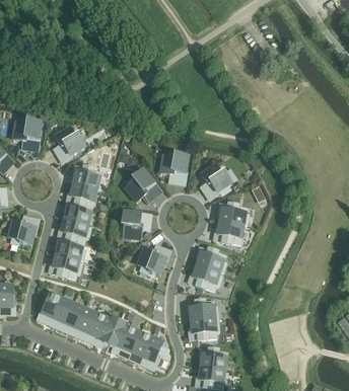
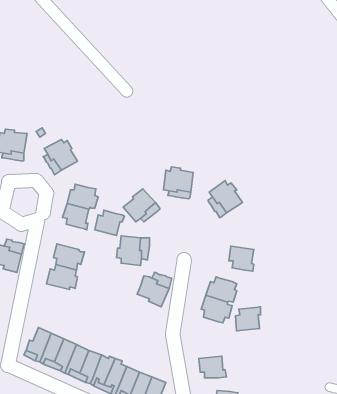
building: [66,203,92,225] -> [95,210,125,236]
building: [220,205,248,225] -> none
building: [54,255,81,279] -> none
building: [191,300,213,321] -> [235,307,261,331]

